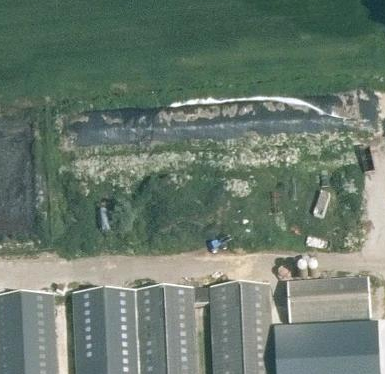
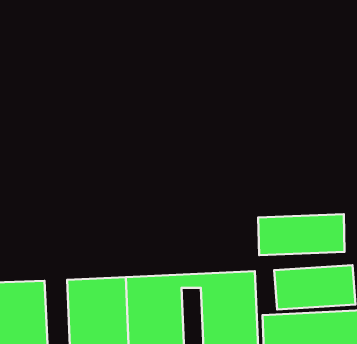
building: none -> [258,214,345,255]

